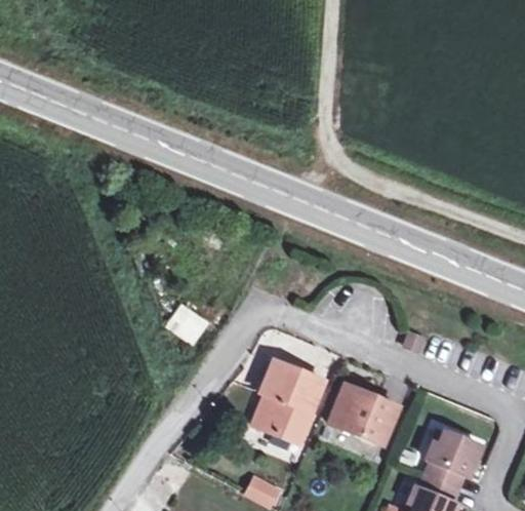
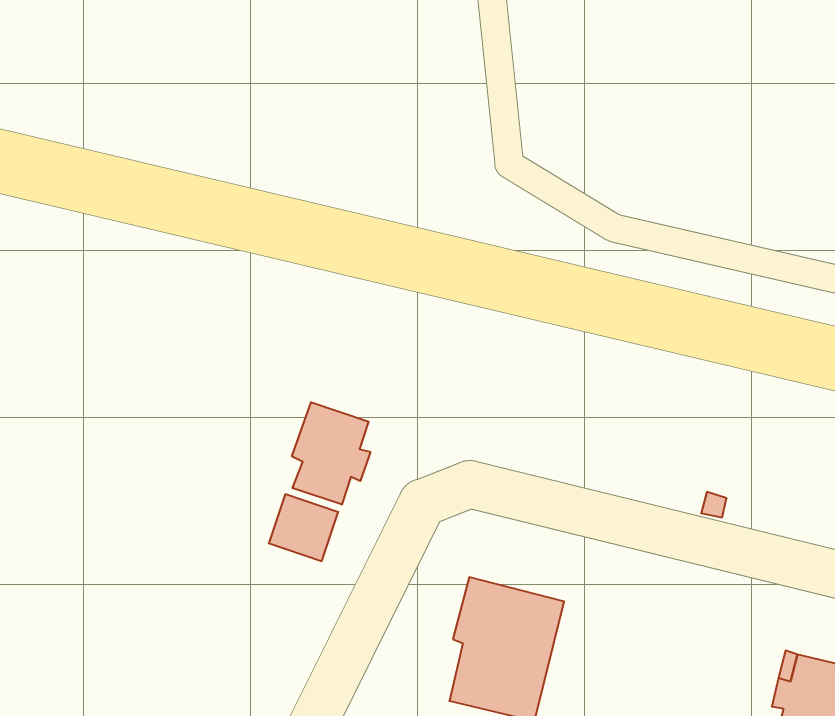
building: none -> [292,402,370,505]
building: [329,388,399,445] -> none

